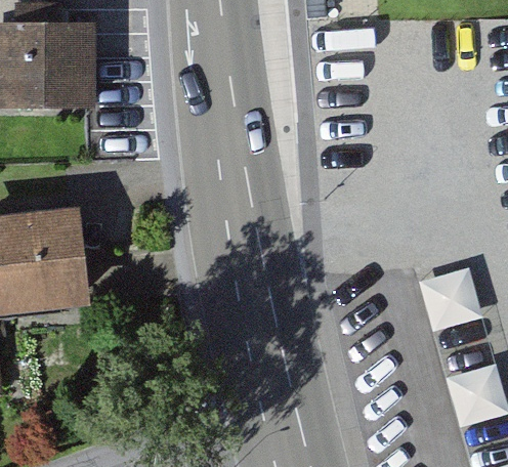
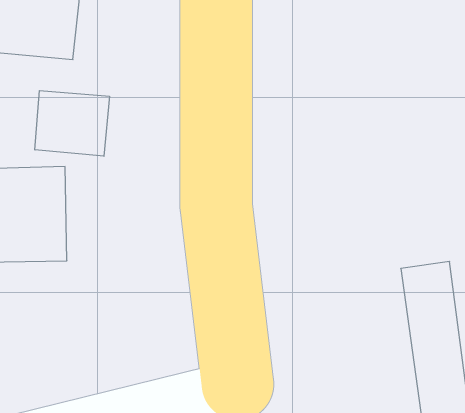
building: none -> [35,91,109,156]

